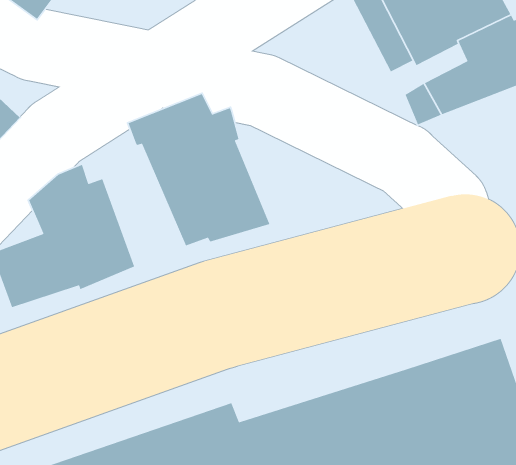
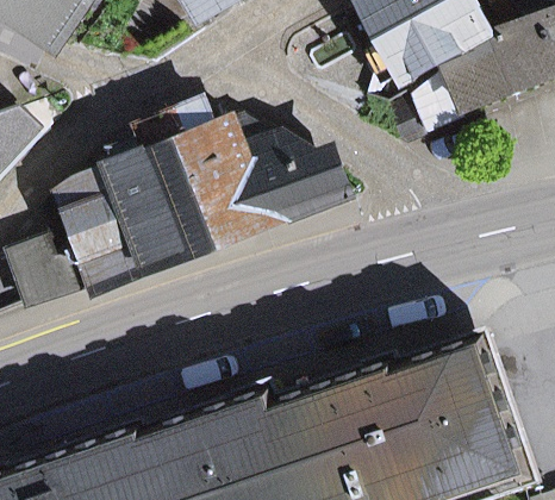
building: none -> [237,118,354,226]
building: none -> [99,151,194,265]

